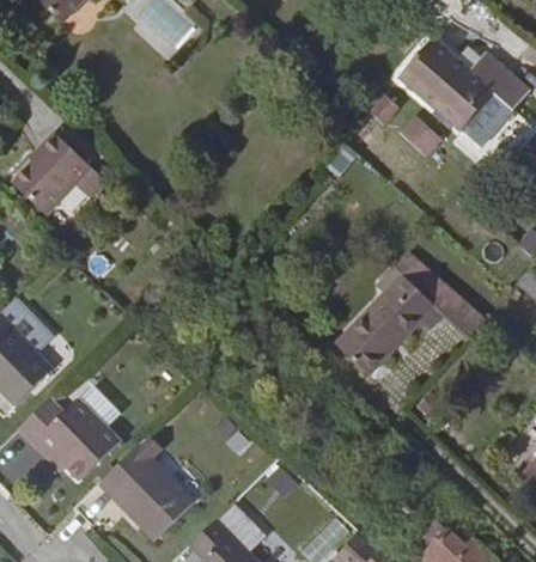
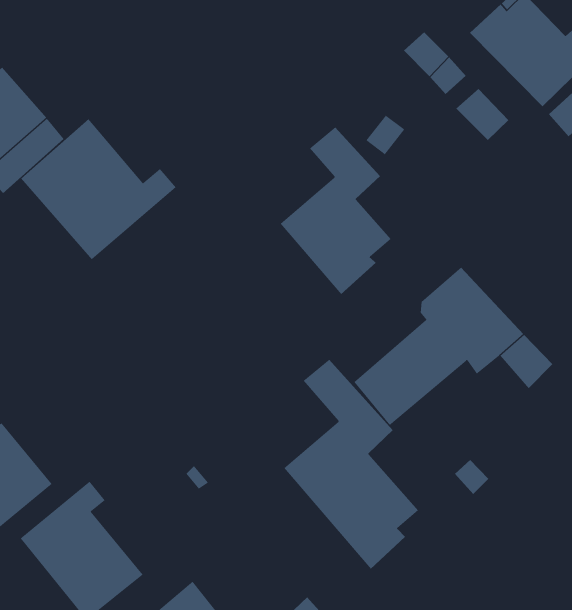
building: none -> [280,127,391,295]
building: none -> [20,119,176,260]
building: none -> [283,359,419,569]

